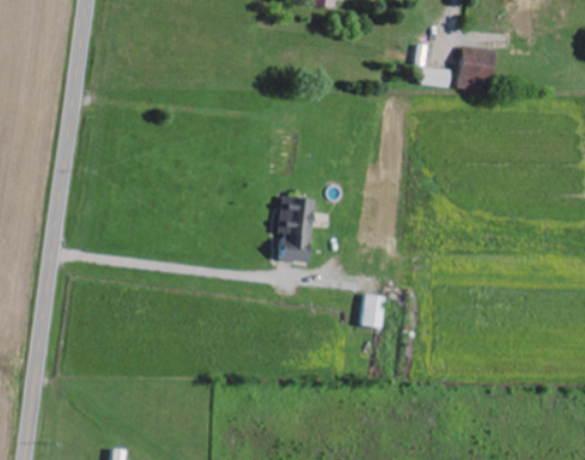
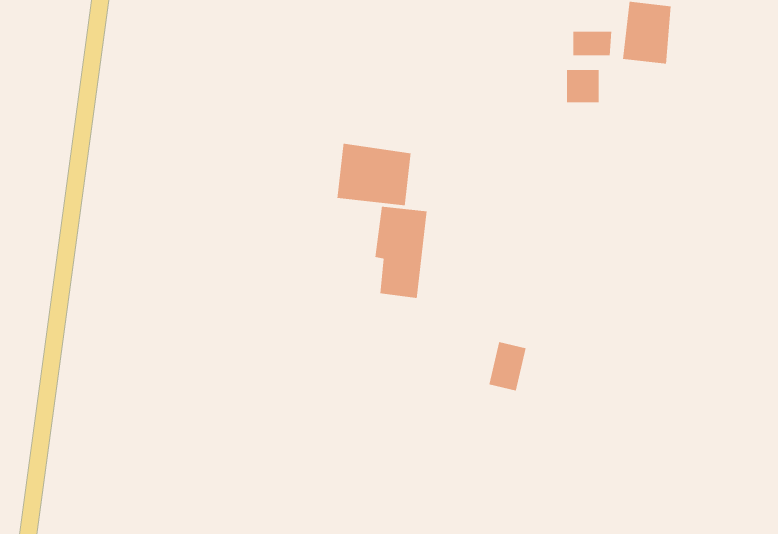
building: none -> [567,69,599,103]
building: none -> [337,143,411,206]

